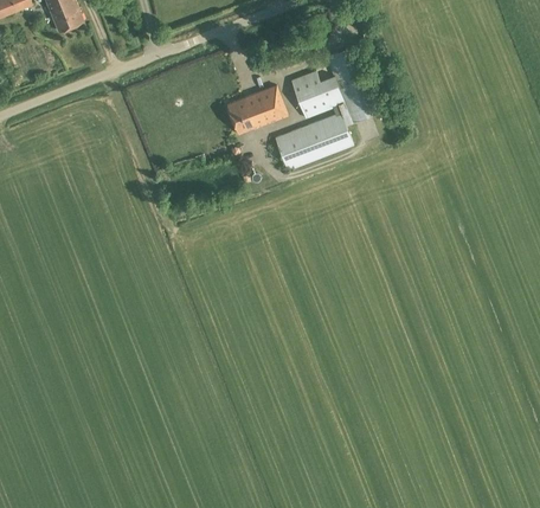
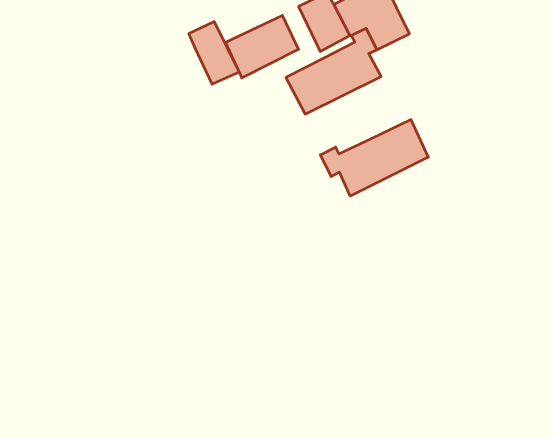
building: none -> [189,22,239,84]
building: none -> [320,120,428,196]

